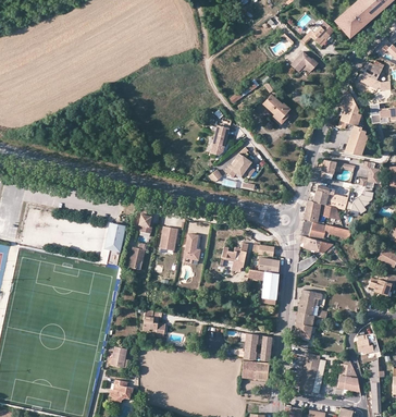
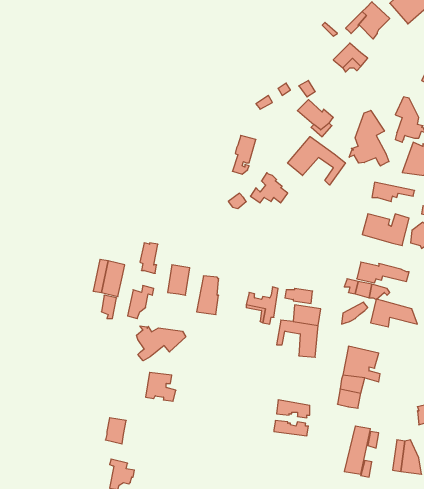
building: none -> [349,110,389,166]
building: none -> [288,137,345,185]
building: [304,200,341,222] -> [371,299,417,327]
building: none -> [136,326,186,361]
building: [243,360,270,379] -> none

